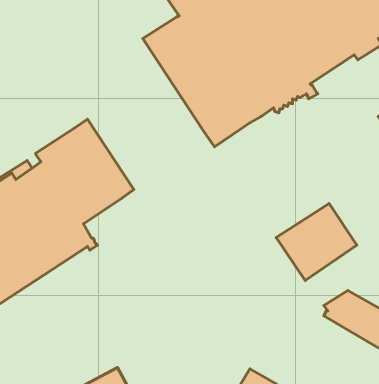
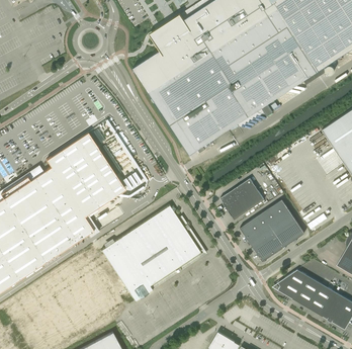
building: none -> [221,179,264,220]
building: none -> [101,205,200,300]

